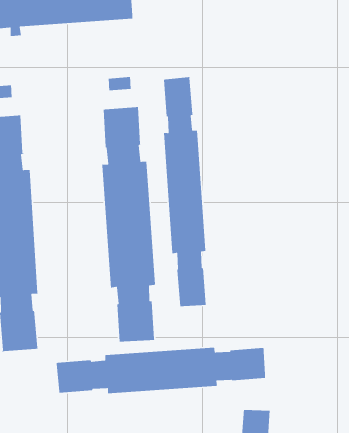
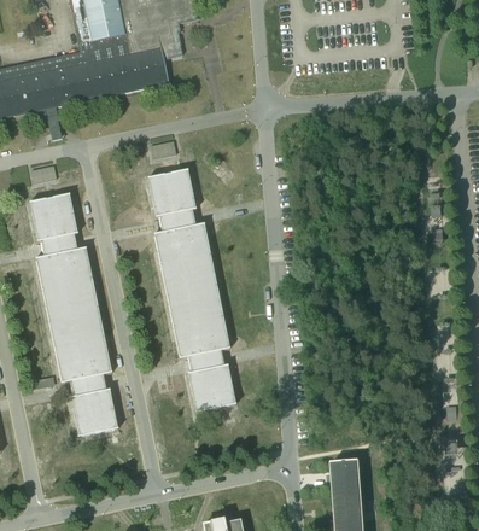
building: [161,76,208,307] -> none
building: [56,345,266,396] -> none

